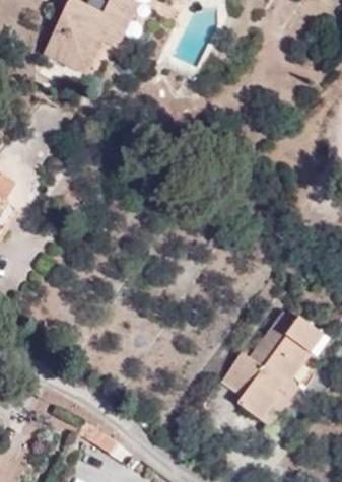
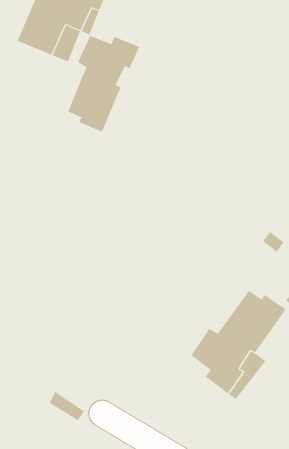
building: none -> [68,35,140,133]

